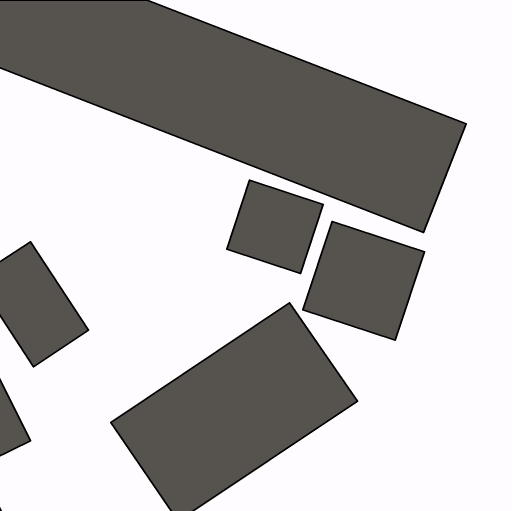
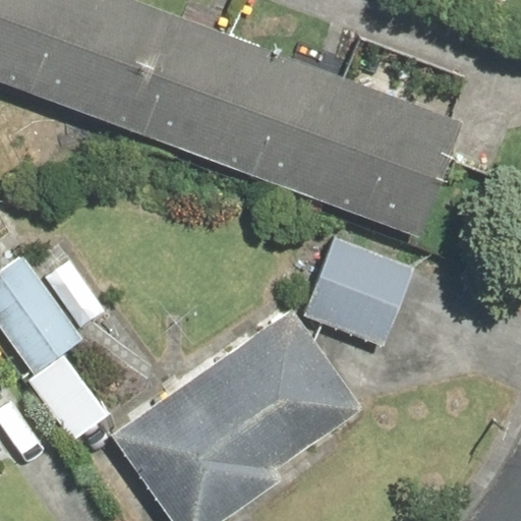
building: [227,180,323,274] -> none

